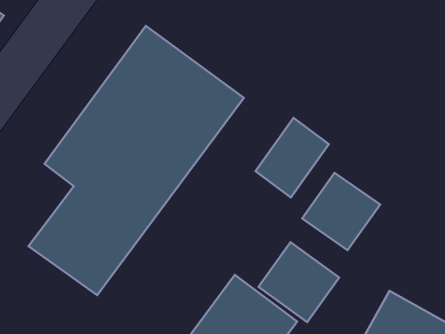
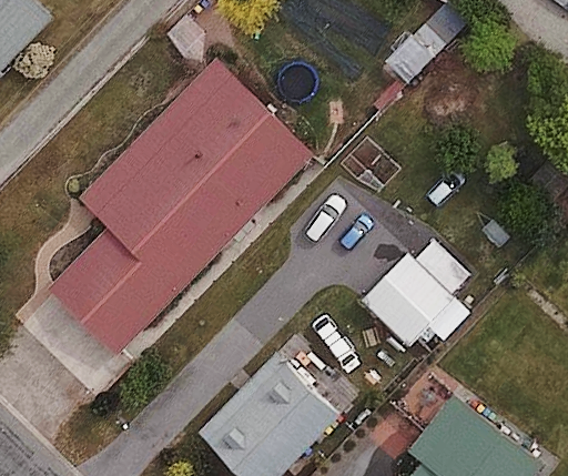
building: [255,118,329,197] -> none
building: [259,242,339,322] -> none

